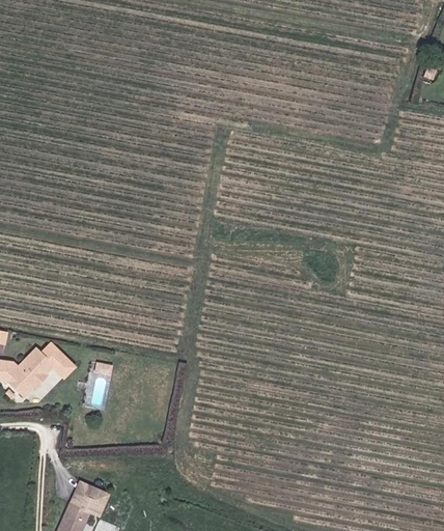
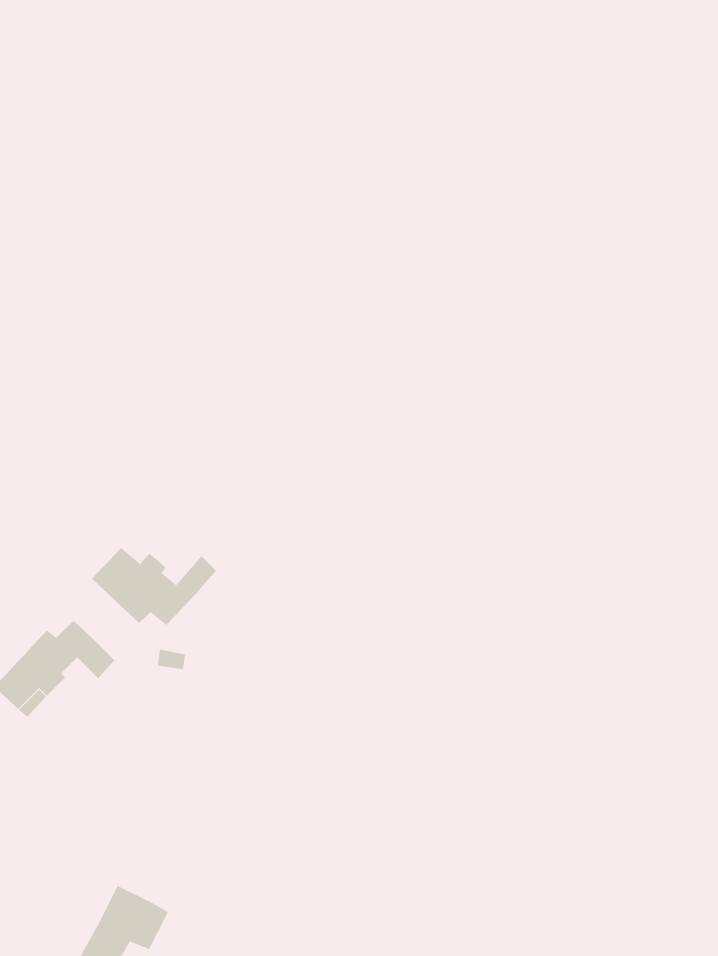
building: none -> [91,547,217,626]

